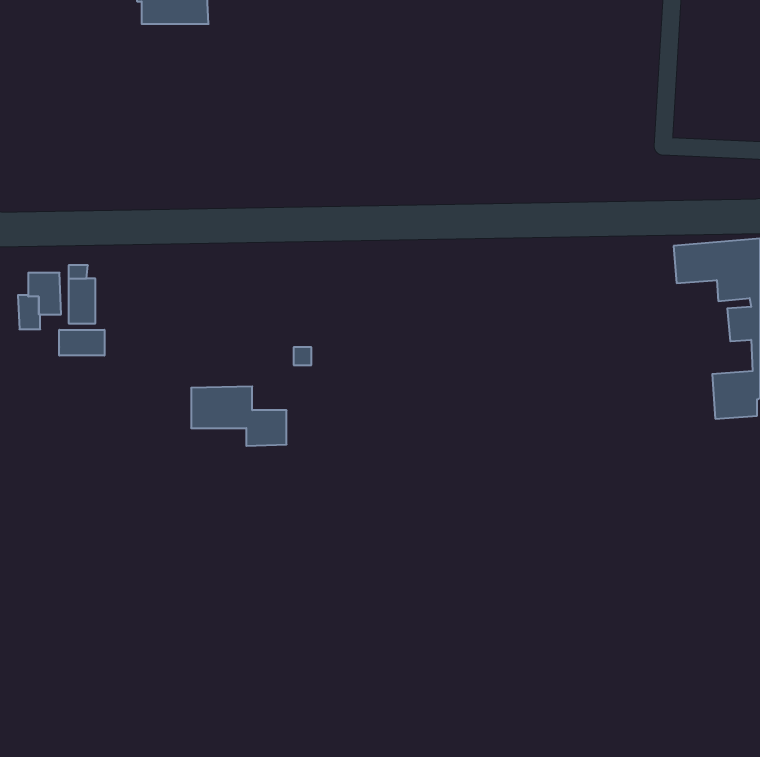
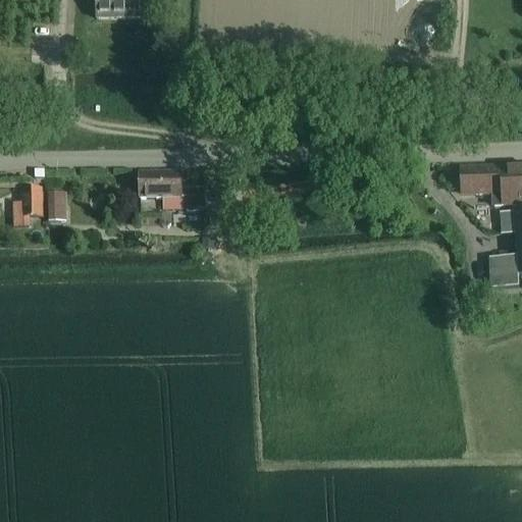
building: [59,330,104,356] -> none
building: [191,386,287,446] -> [139,168,204,209]

